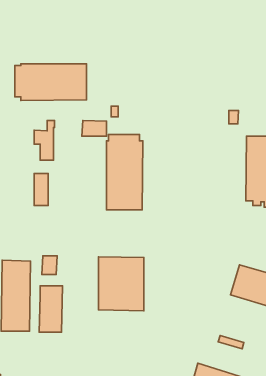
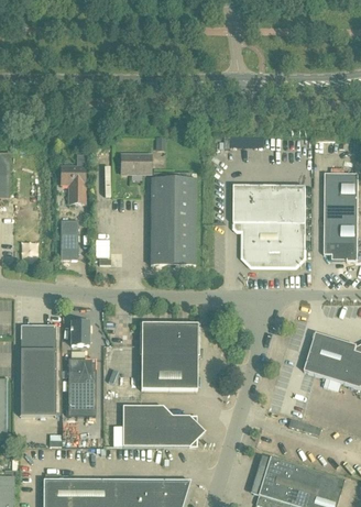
building: [15,64,86,101] -> none
building: none -> [233,185,305,267]
building: none -> [122,405,204,445]

